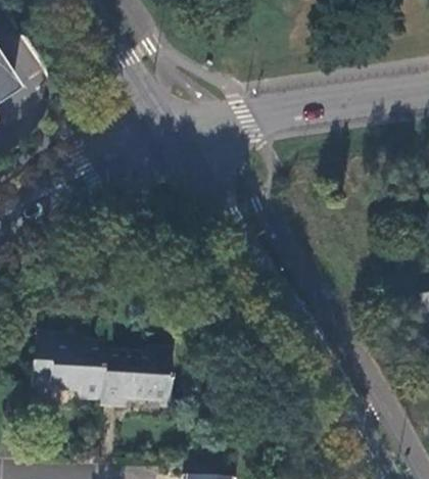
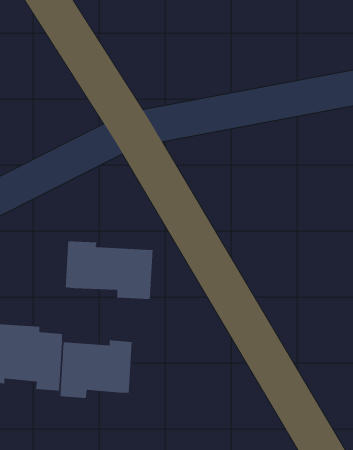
building: none -> [65,241,153,300]

